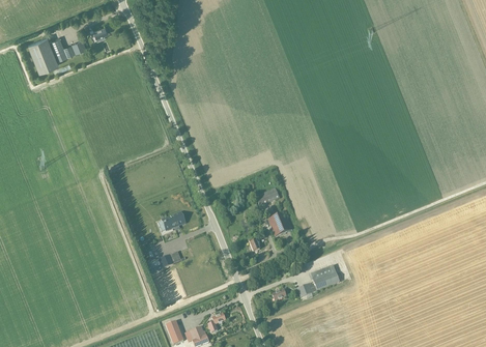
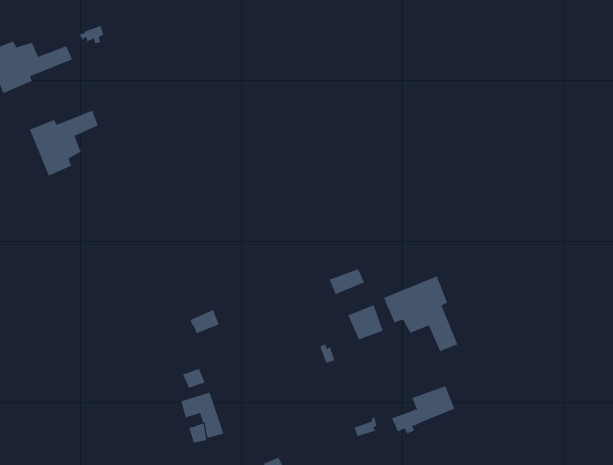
building: none -> [29,110,99,176]
building: none -> [383,275,458,352]

